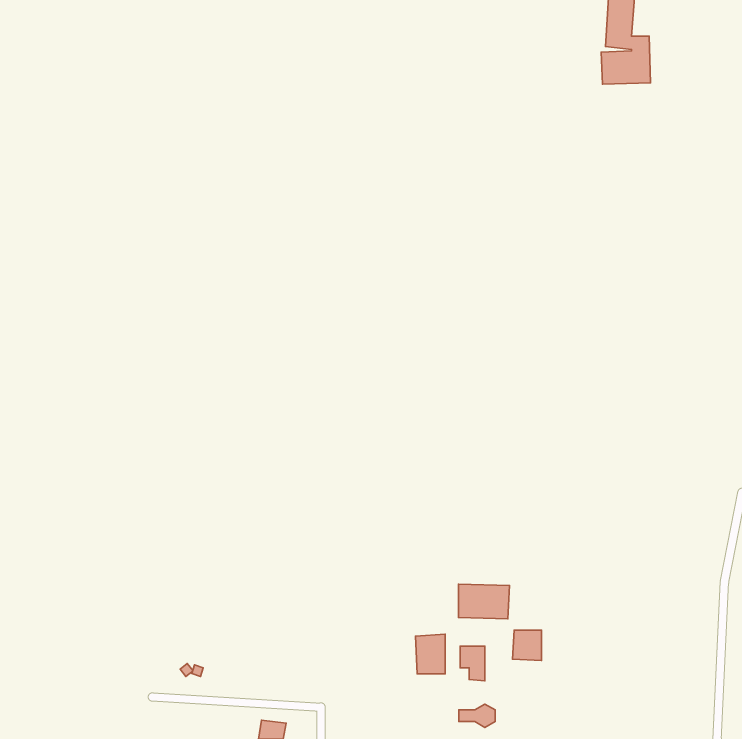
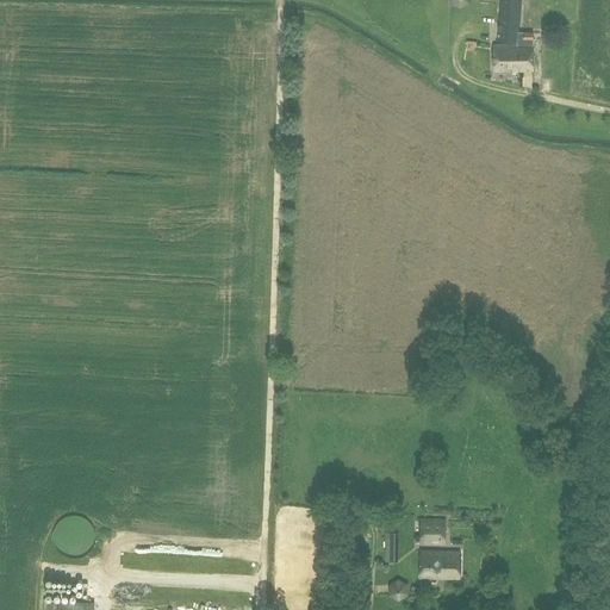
building: [459,584,509,619] -> [419,548,461,577]
building: [416,634,445,674] -> none

